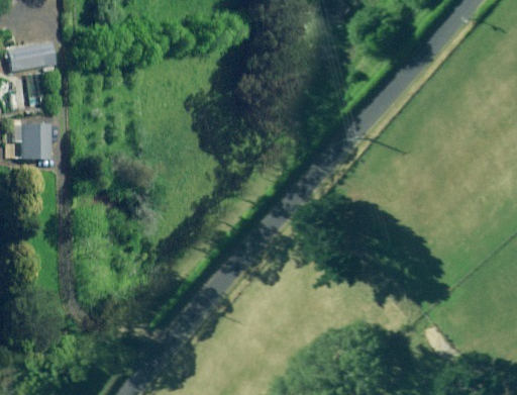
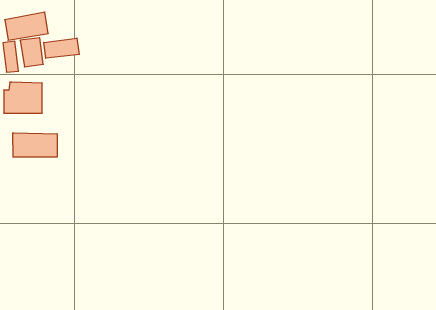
building: none -> [44,38,79,58]
building: none -> [13,133,57,157]

